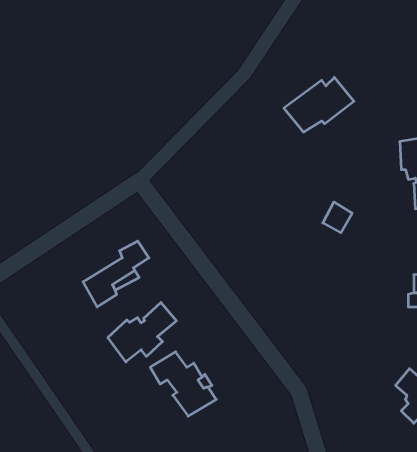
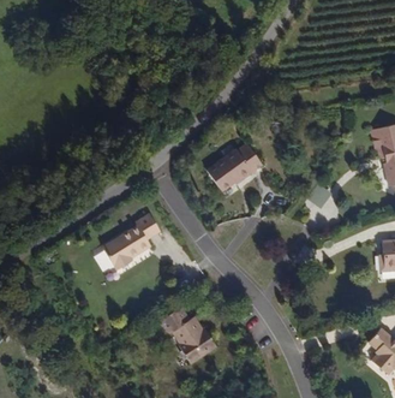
building: [284,77,354,132] -> [205,144,265,191]
building: [108,302,176,362] -> none

